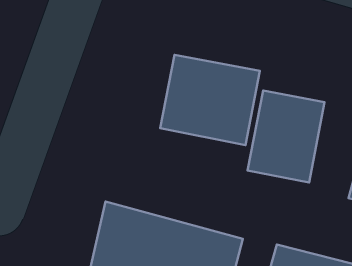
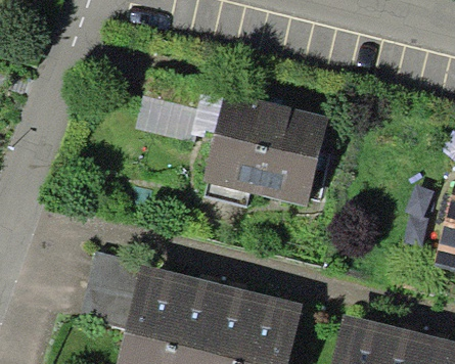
building: [248,91,324,183] -> none

